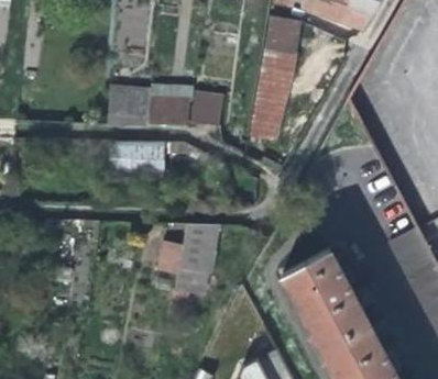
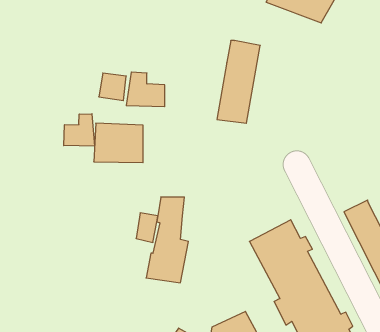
building: [266,16,302,55] -> none
building: [189,90,225,125] -> none
building: none -> [64,114,95,146]

